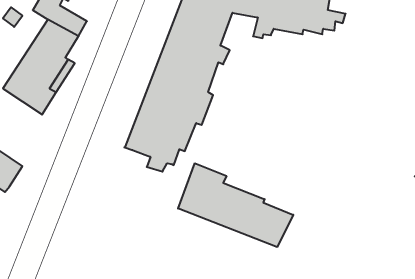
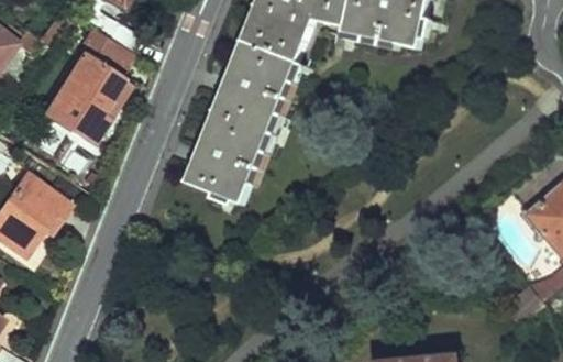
building: [178,163,293,247] -> none

